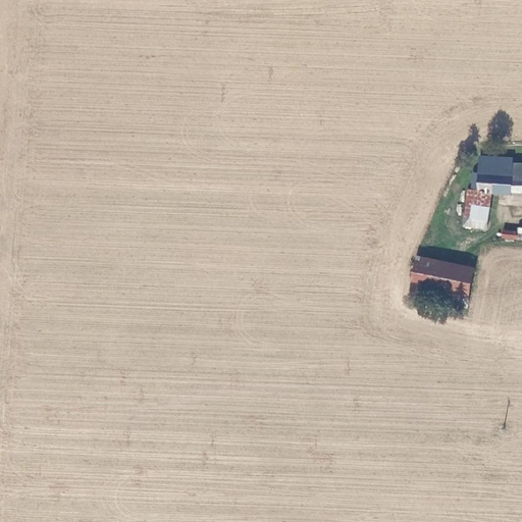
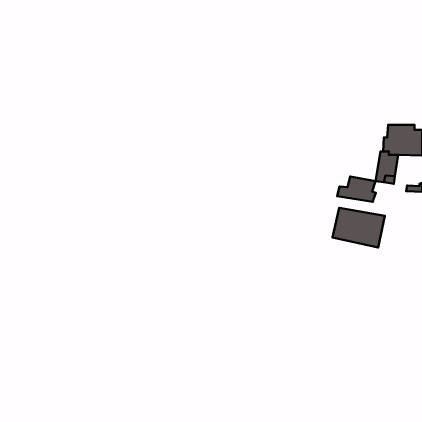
building: none -> [337,177,376,202]

